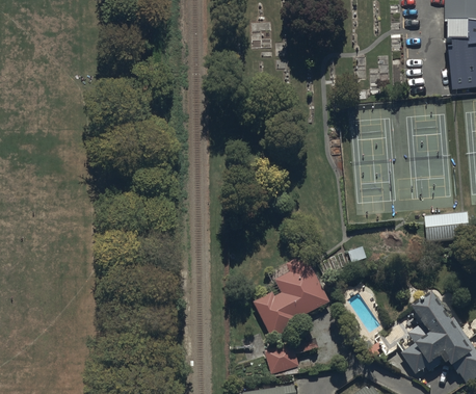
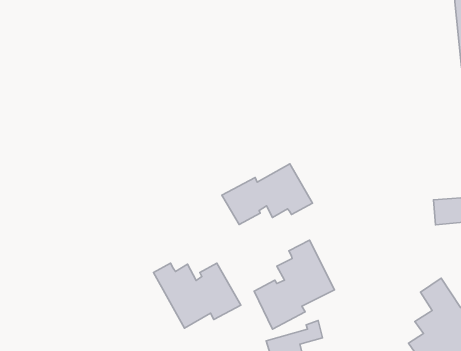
building: none -> [222,164,312,225]
building: none -> [154,263,241,328]

